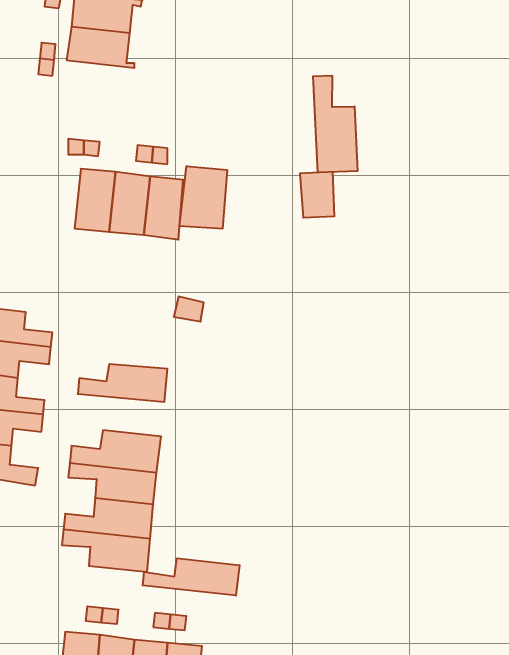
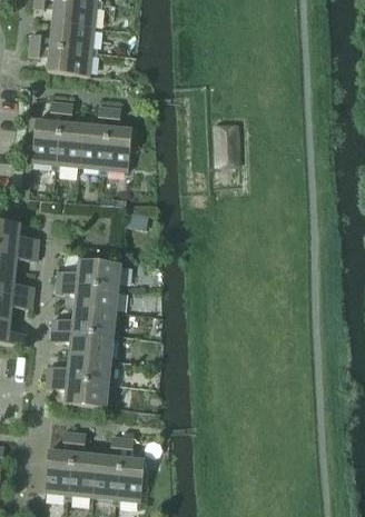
building: none -> [47,44,97,74]
building: [313,76,358,172] -> none
building: none -> [31,119,59,163]
building: [180,166,227,229] -> none
building: none -> [56,280,118,310]
building: [143,558,240,596] -> none

